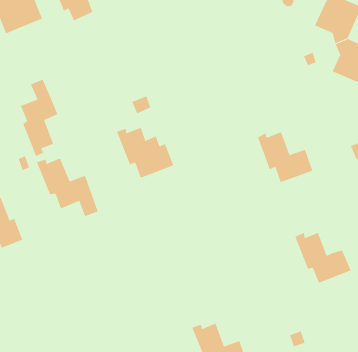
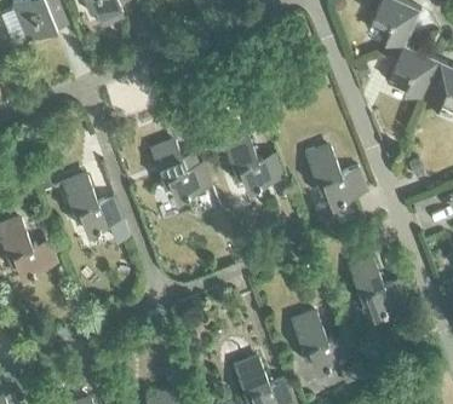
building: [20,79,58,157] -> none
building: none -> [222,134,271,190]
building: none -> [291,314,340,370]

